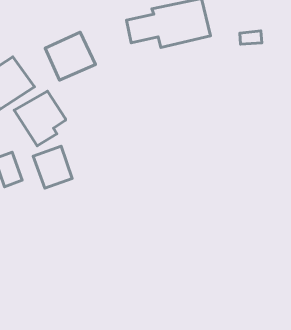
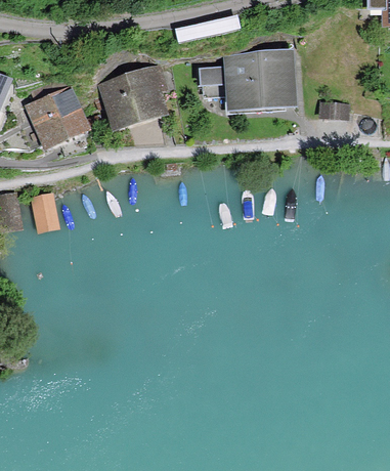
building: [14,91,66,146] -> none
building: [33,146,72,188] -> none

